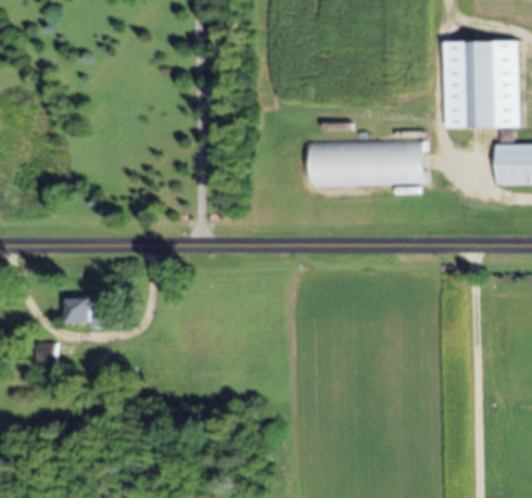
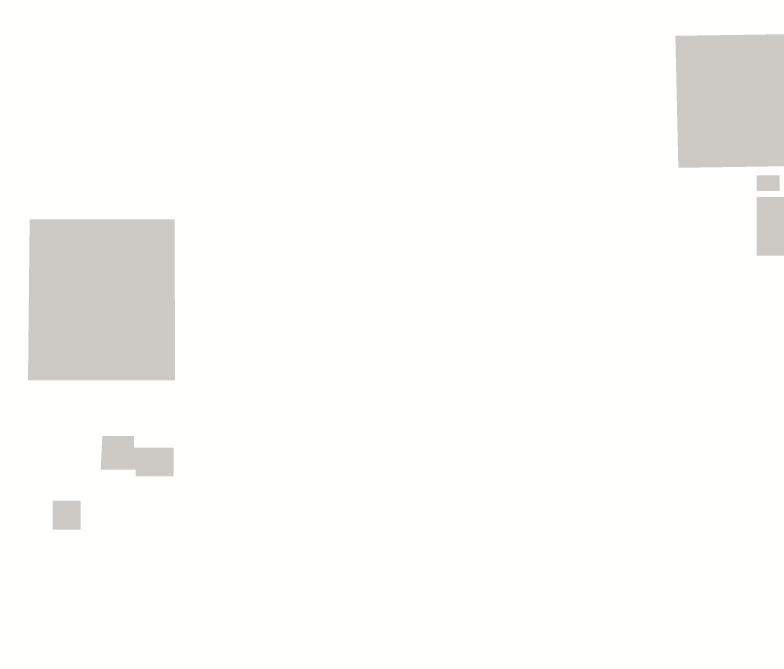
building: [311,142,422,188] -> none
building: none -> [27,219,176,381]

